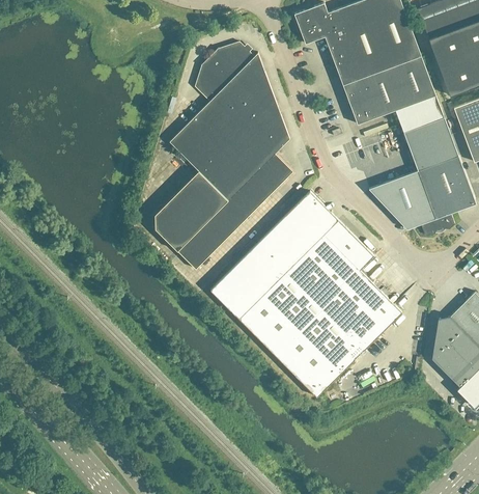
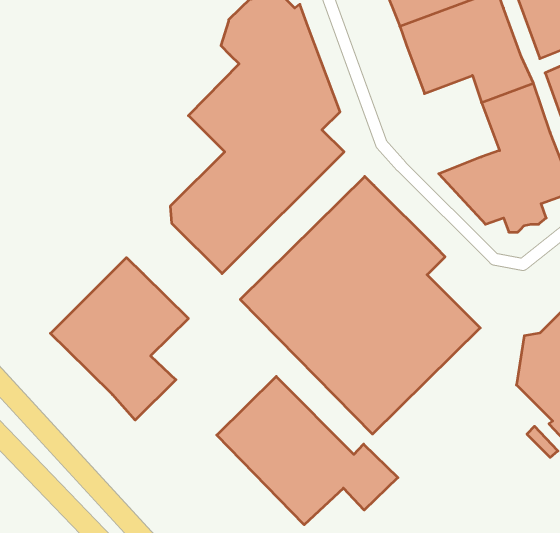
building: none -> [50,258,188,420]
building: none -> [217,376,398,525]

